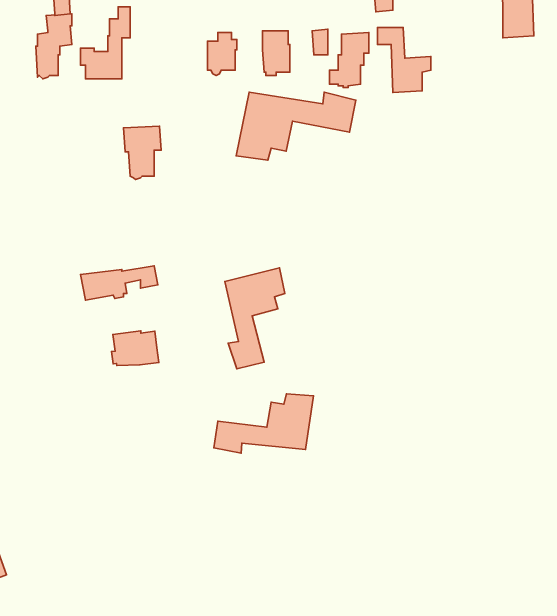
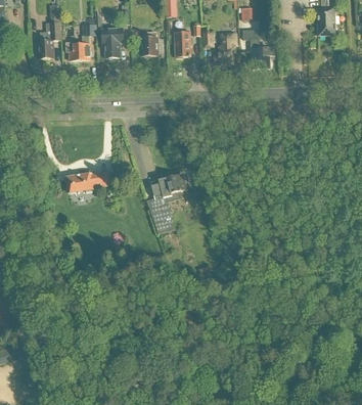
building: [236,92,356,160] -> none
building: [123,126,161,179] -> [101,28,124,59]
building: [112,331,159,366] -> none
building: [214,394,314,453] -> none

